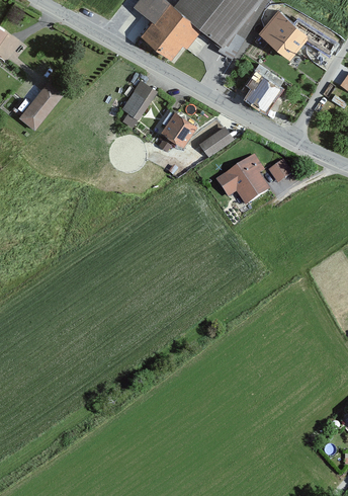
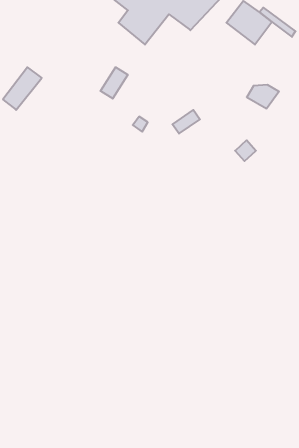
building: [243,77,277,102] -> [247,85,279,108]
building: [164,113,194,143] -> none
building: [228,162,268,202] -> none

